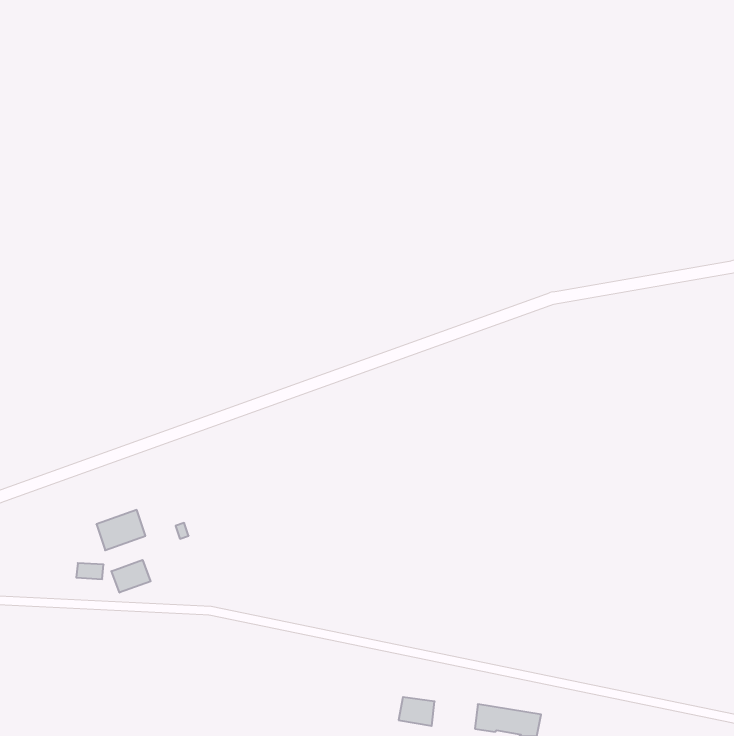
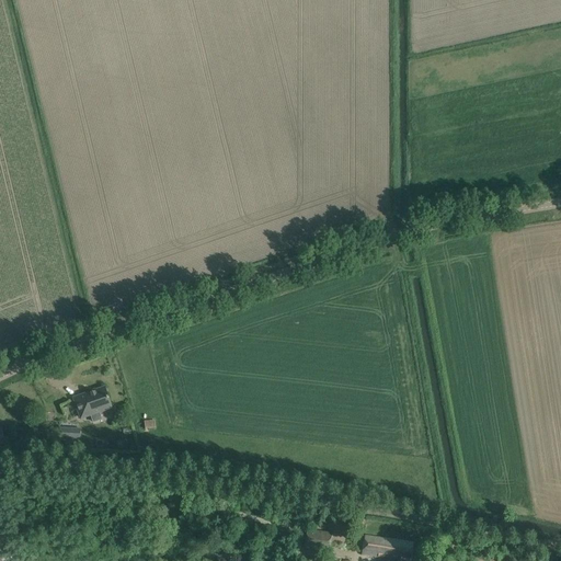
building: [111,560,151,593] -> none

